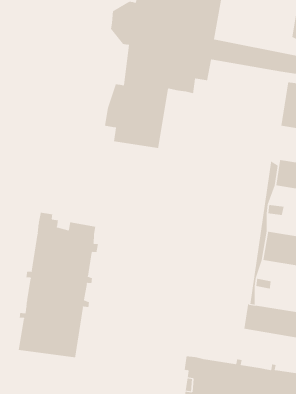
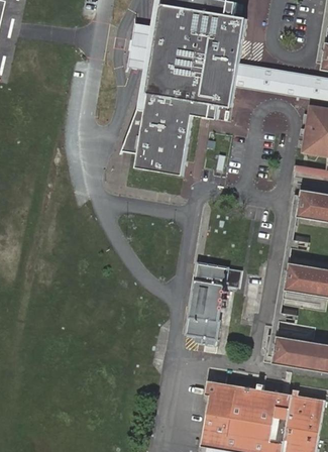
building: [18,212,98,358] -> none
building: none -> [185,264,245,342]

